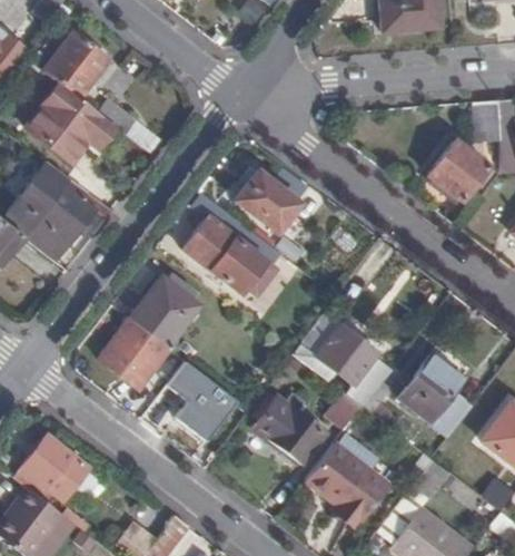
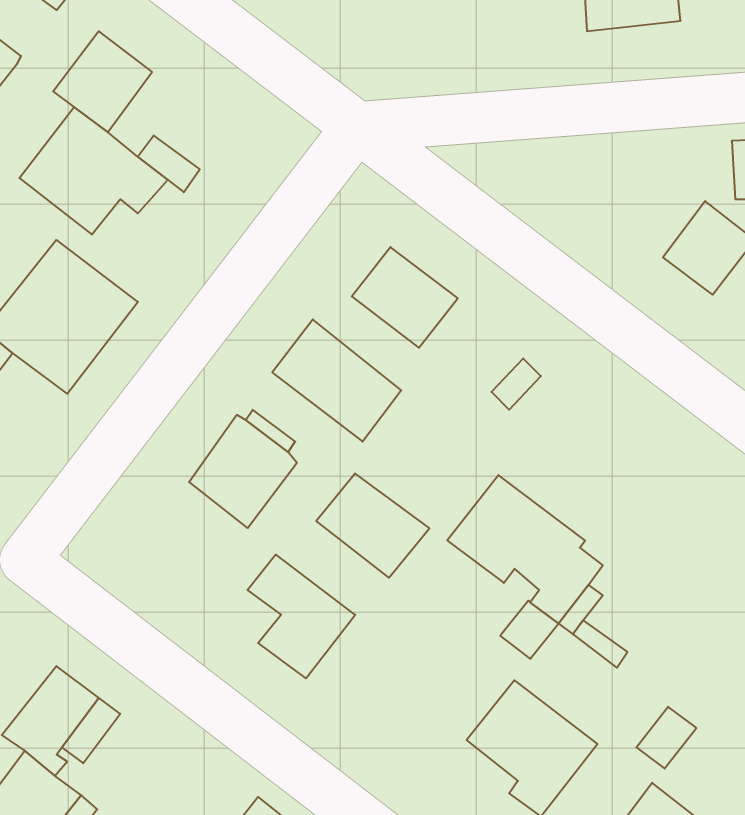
building: [101,318,168,388] -> none
building: [398,354,475,436] -> none
building: [255,398,326,464] -> [316,473,429,578]

